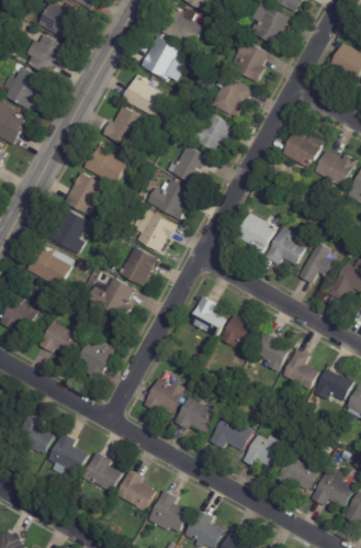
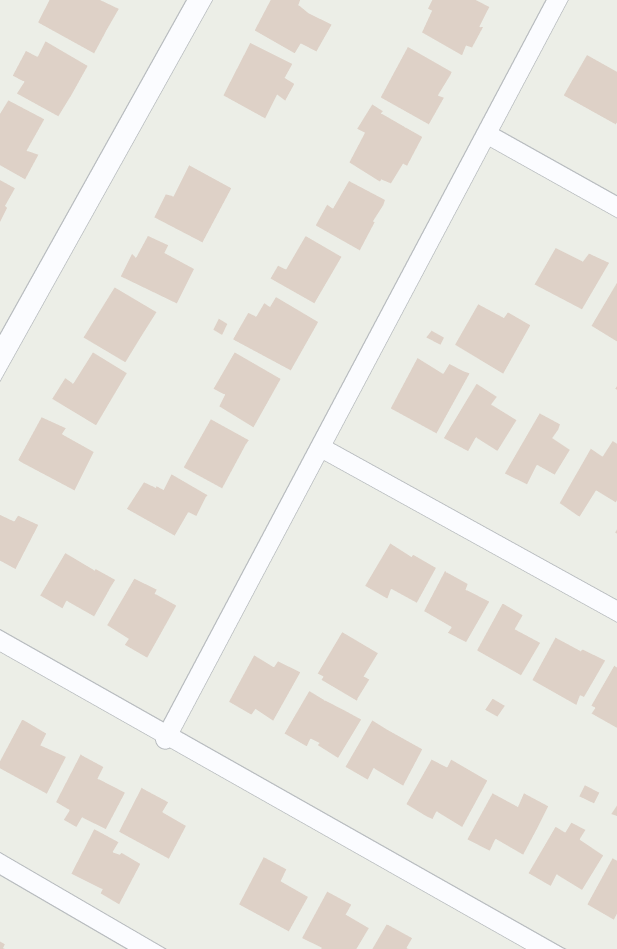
building: [121,72,165,115] -> none
building: [282,128,325,168] -> [454,303,531,374]
building: [189,294,225,335] -> none
building: none -> [317,631,379,702]
building: [115,469,155,512] -> [70,828,141,905]

